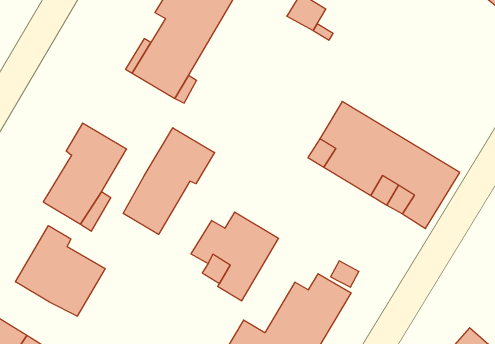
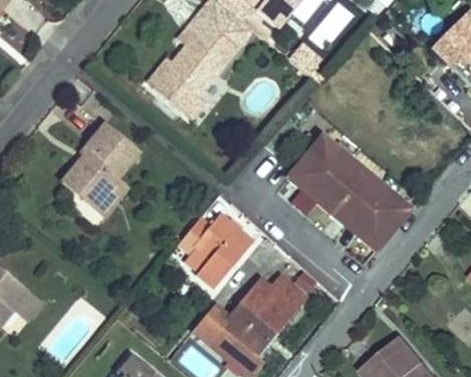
building: [123,128,215,234] -> none
building: [15,226,105,316] -> none

